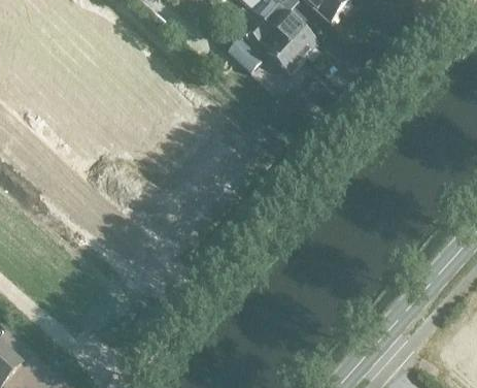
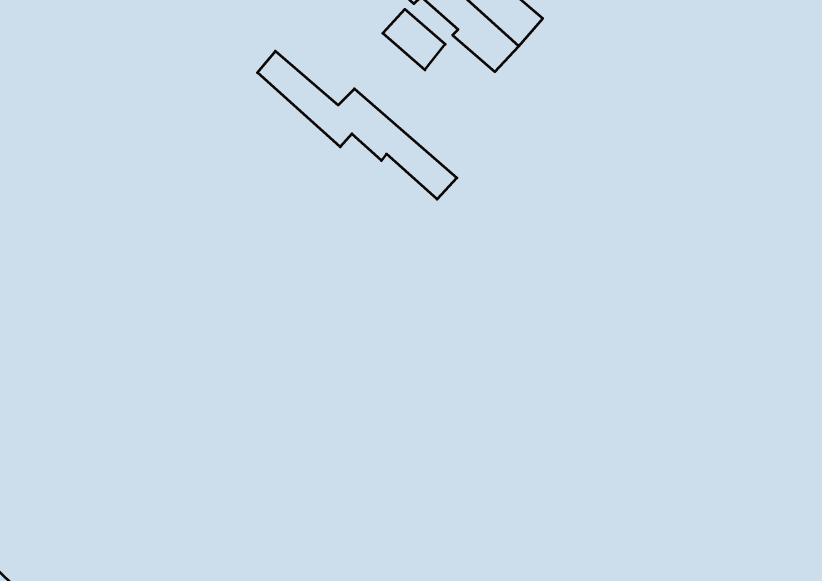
building: none -> [257,51,457,199]

